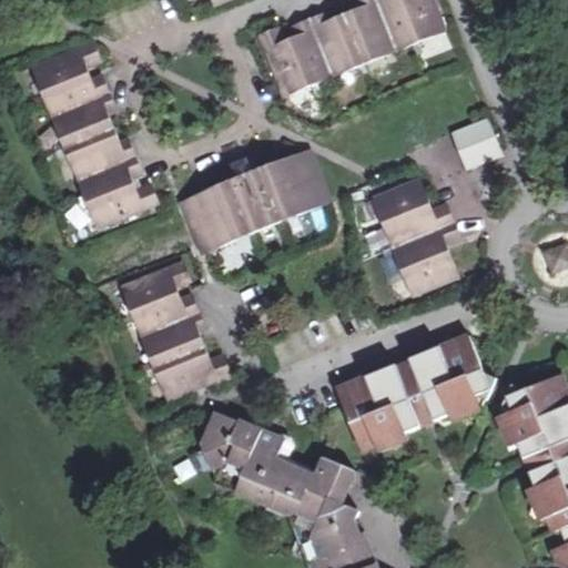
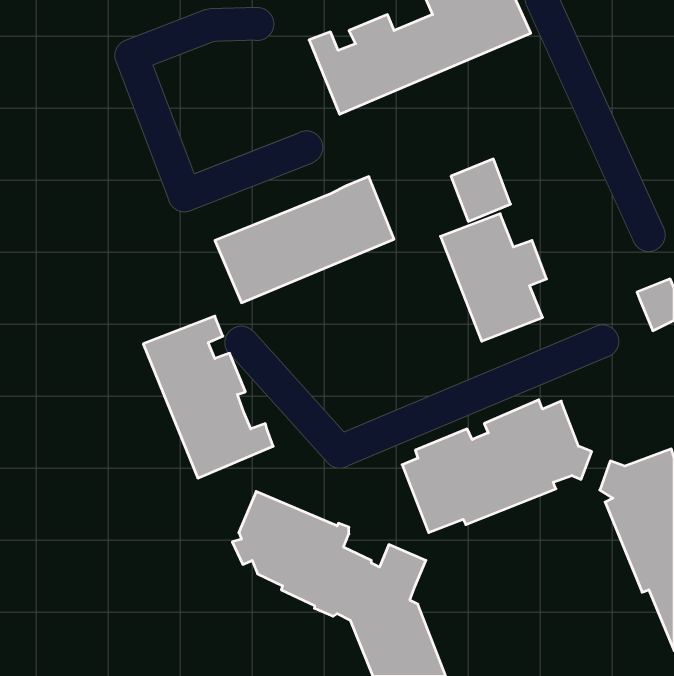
building: [31,41,158,227] -> none
building: [450,118,500,170] -> [451,159,511,221]

